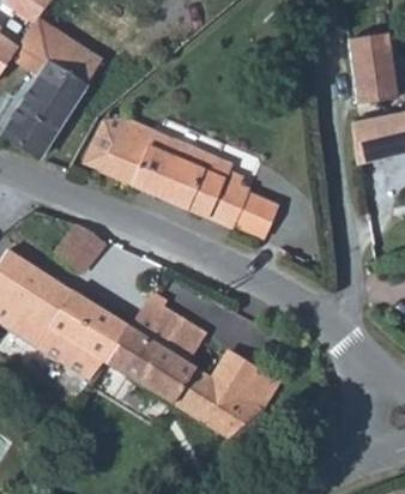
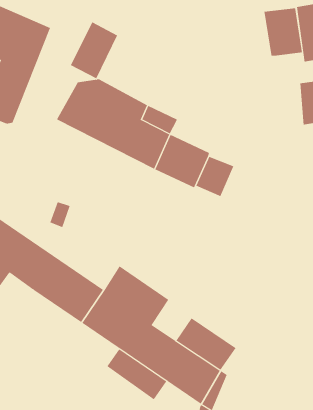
building: none -> [264,7,303,57]
building: none -> [70,22,118,79]
building: [49,335,115,391] -> [107,348,167,400]

